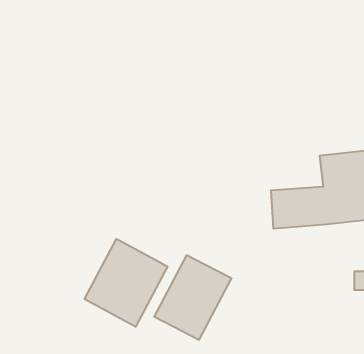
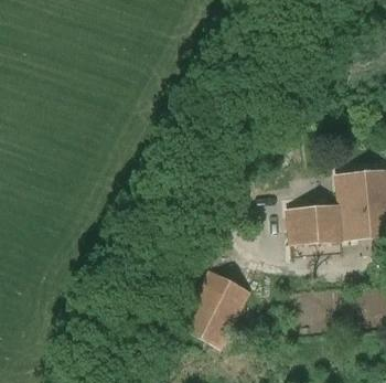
building: [85,239,167,327] -> none

